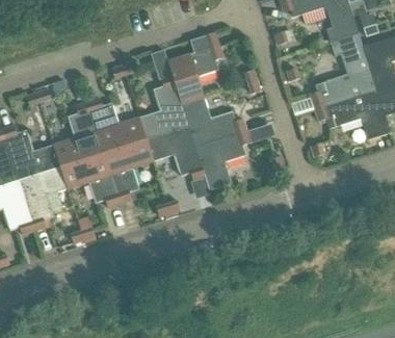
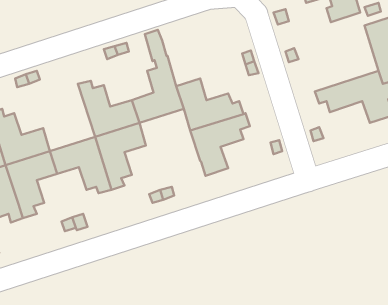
building: [167,31,222,103] -> none
building: [310,32,375,108] -> none
building: [53,101,103,165] -> none
building: [146,125,204,179] -> none

